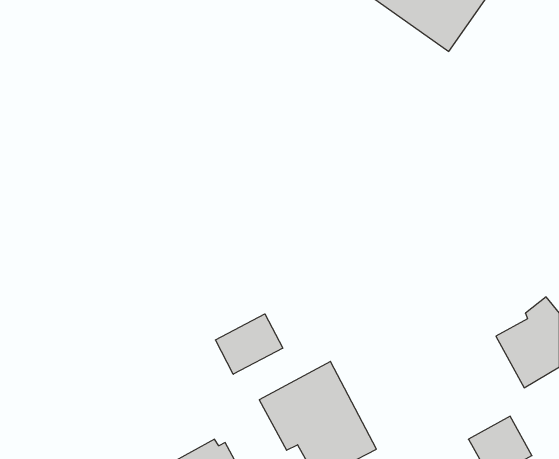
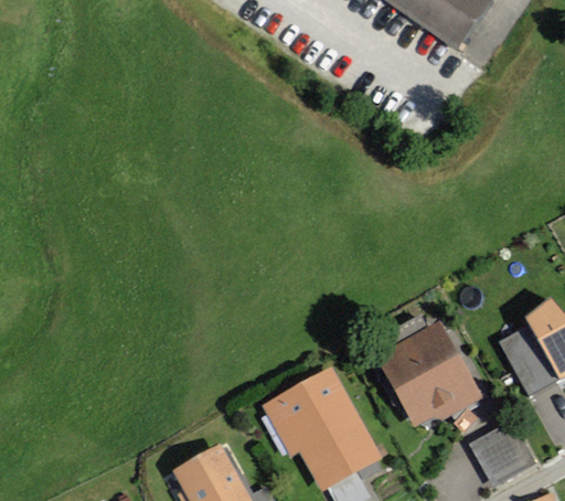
building: none -> [376,317,486,423]
building: [215,314,283,374] -> none

